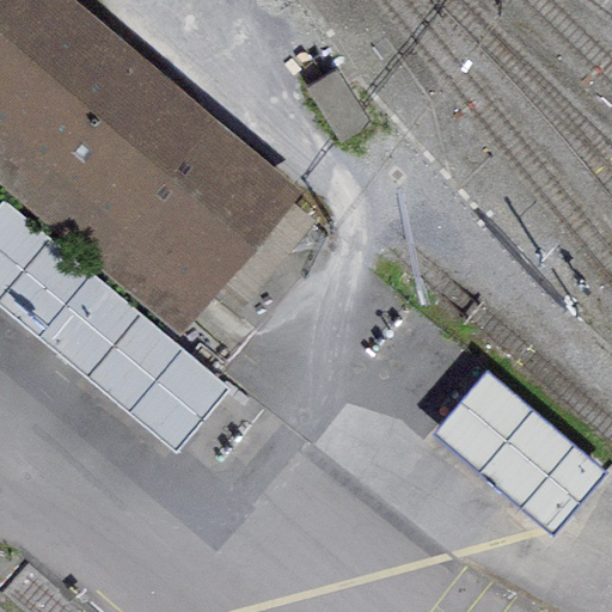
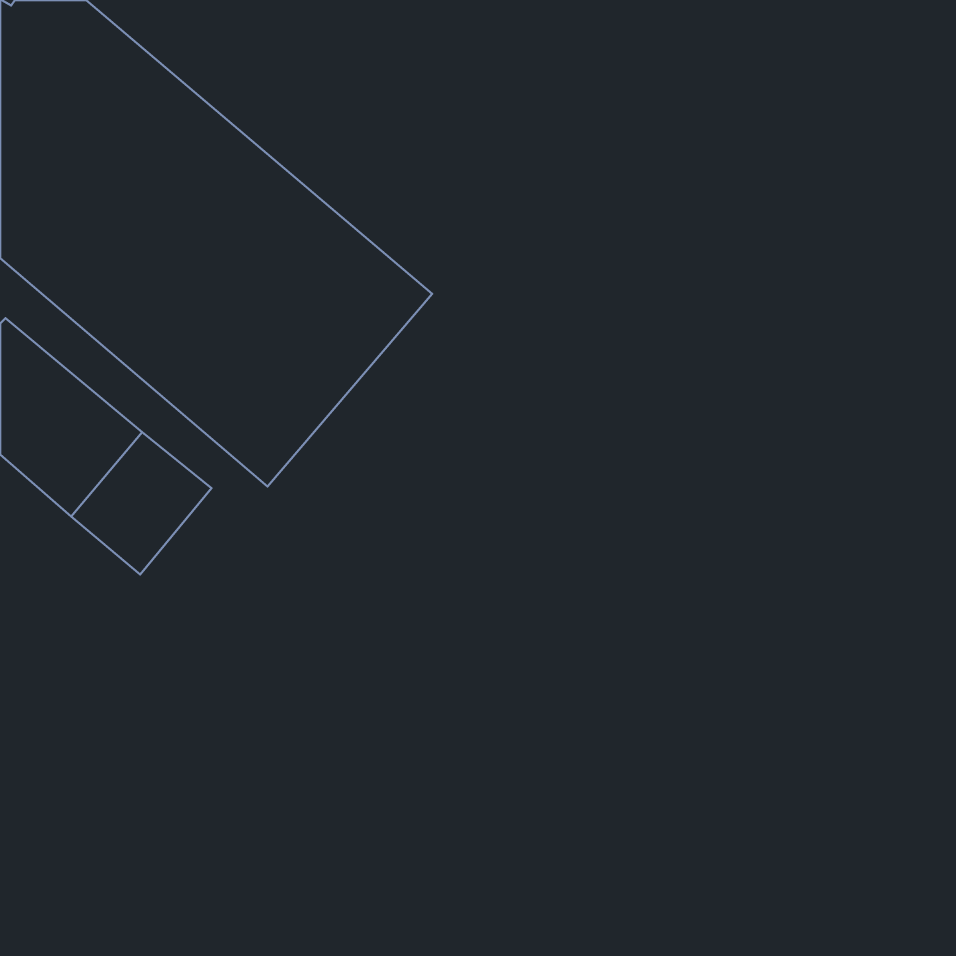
building: [90,312,221,440] -> none
building: [442,374,598,521] -> none

